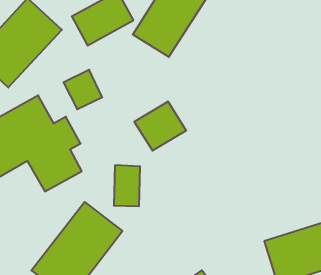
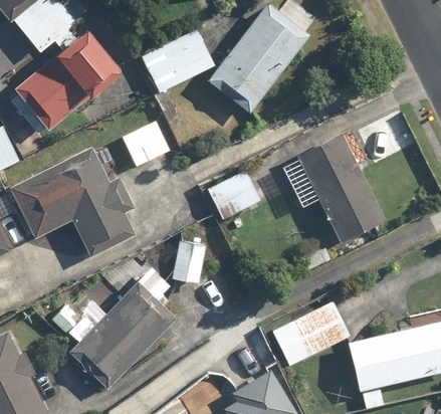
building: none -> [282,132,386,242]
building: none -> [273,301,351,366]

